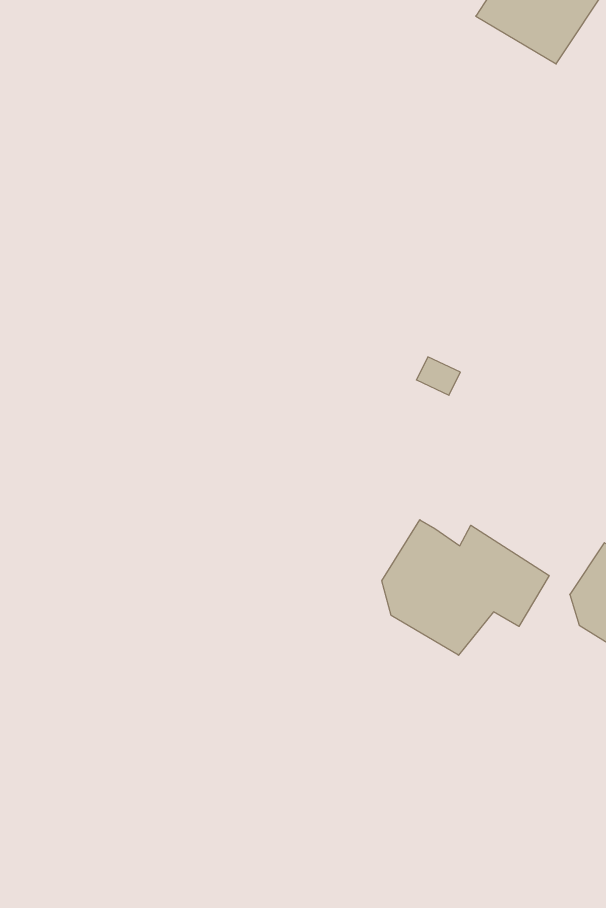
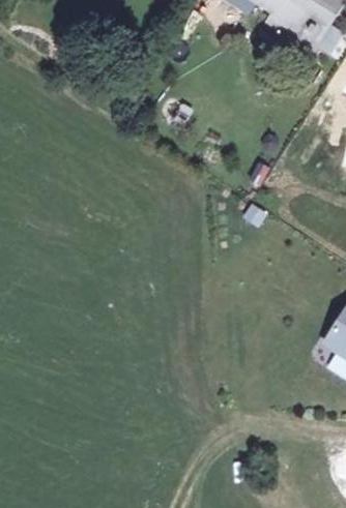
building: [382,520,549,655] -> none

